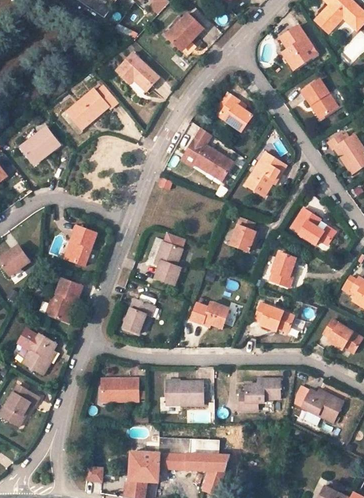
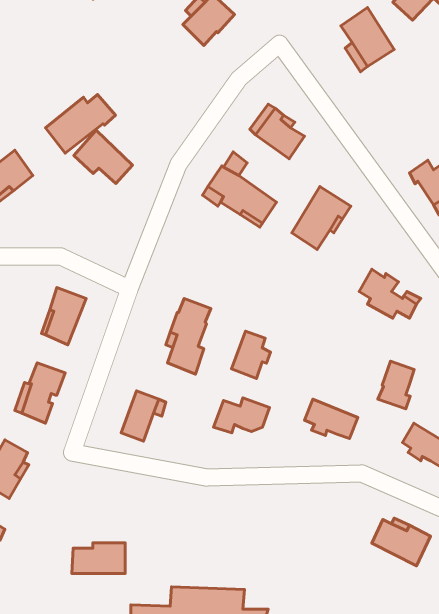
building: [117,53,159,91] -> [74,130,133,183]
building: [301,80,336,117] -> none
building: [230,217,258,251] -> [231,331,271,379]
building: [268,254,294,288] -> [378,361,414,409]
building: [100,377,138,399] -> [72,543,125,573]
building: [239,380,279,411] -> none
building: [166,382,203,404] -> none

